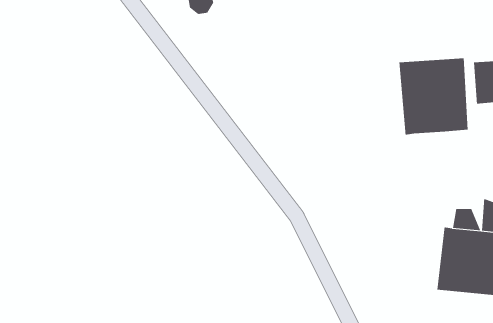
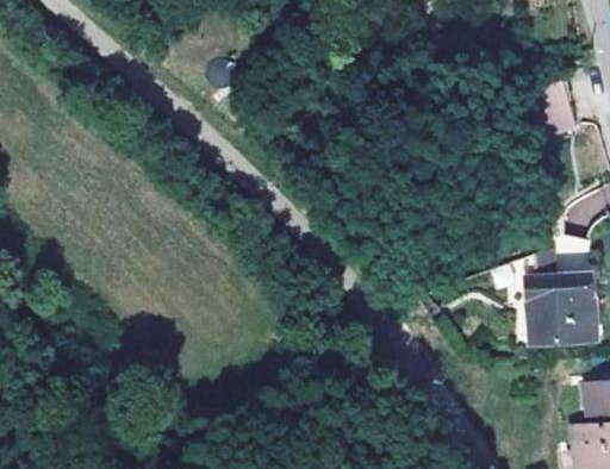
building: [399,57,468,135] -> none

